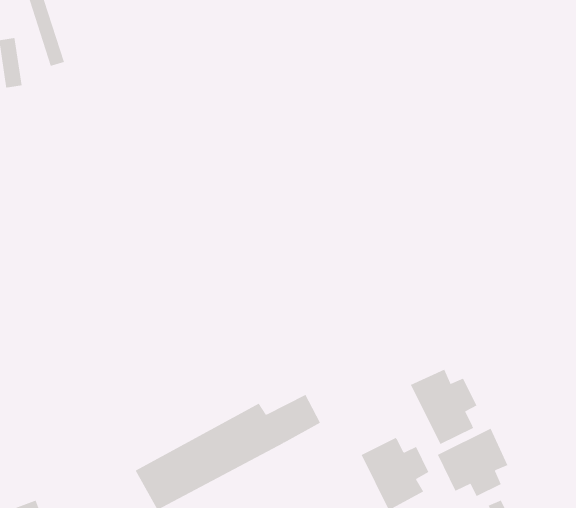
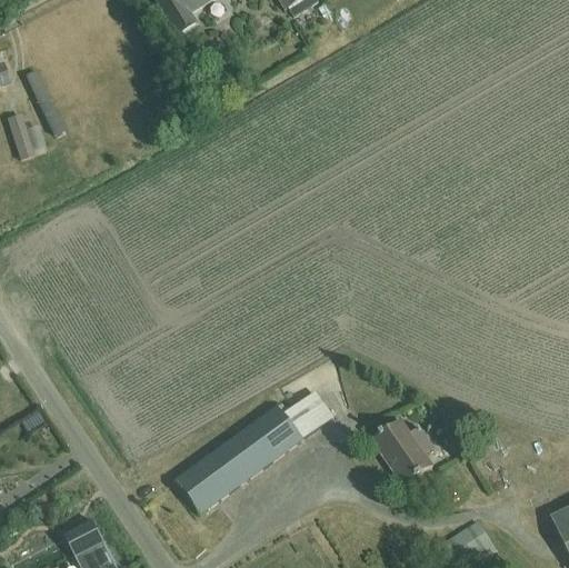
building: [410,369,477,445] -> none
building: [437,428,508,497] -> none

